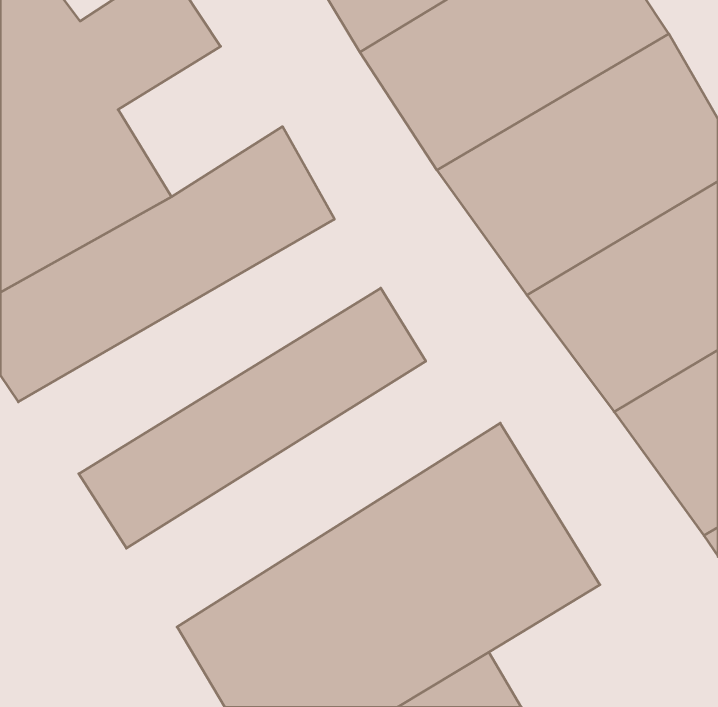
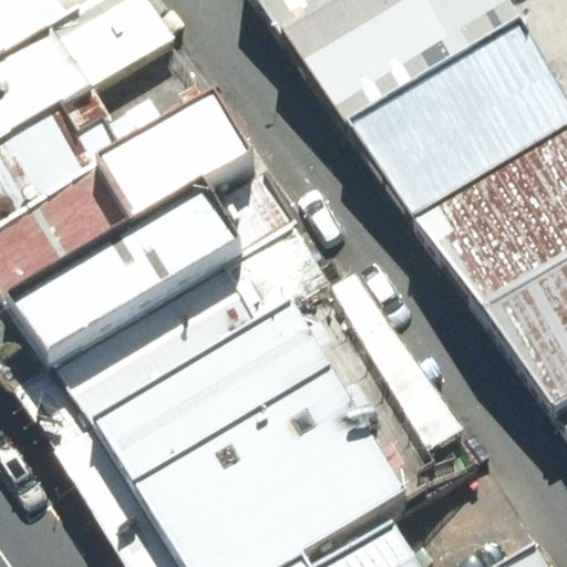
building: none -> [14,173,300,373]
building: none -> [100,271,394,494]

